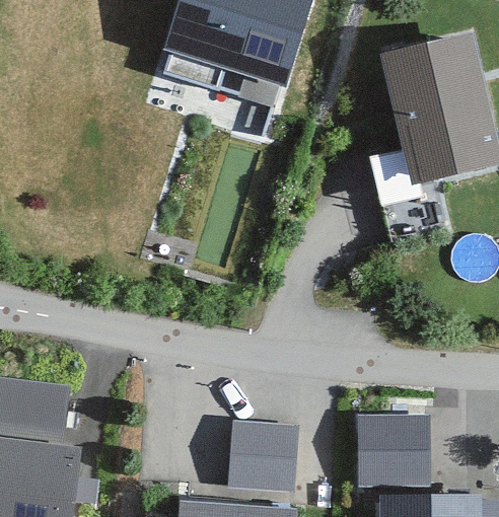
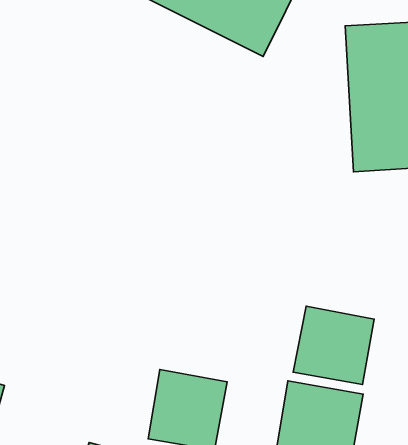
building: none -> [293,306,374,385]

